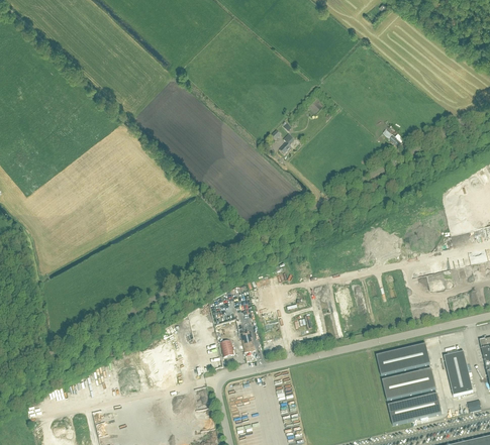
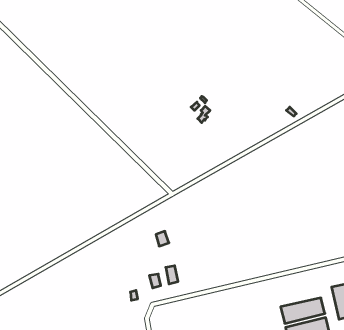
building: [377,343,430,374] -> none

